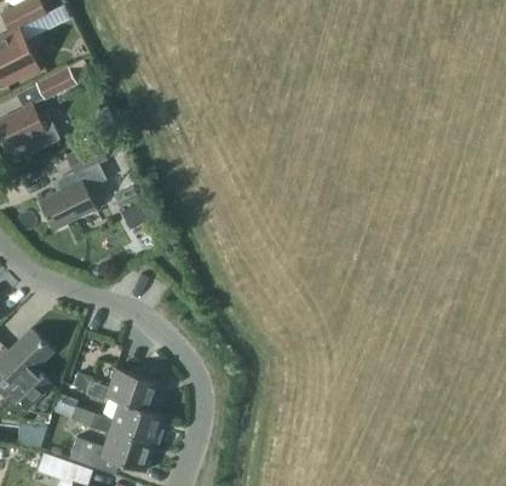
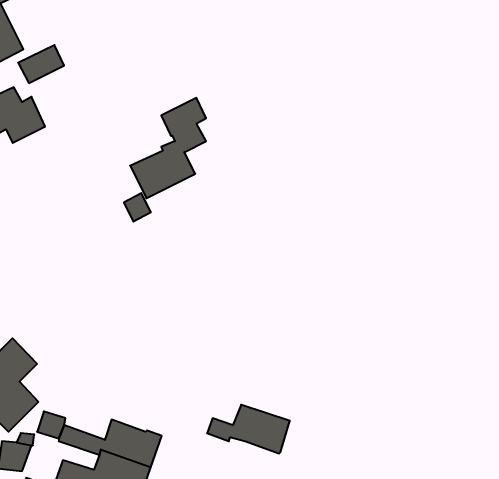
building: [38,141,105,230] -> [130,98,206,198]
building: [84,367,157,411] -> [207,405,290,454]

